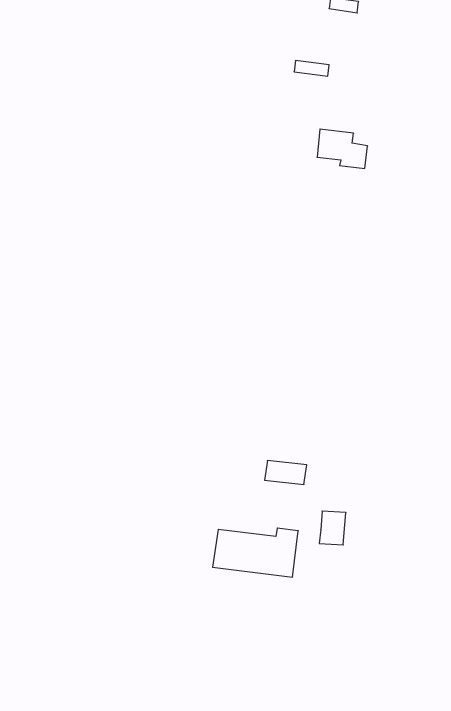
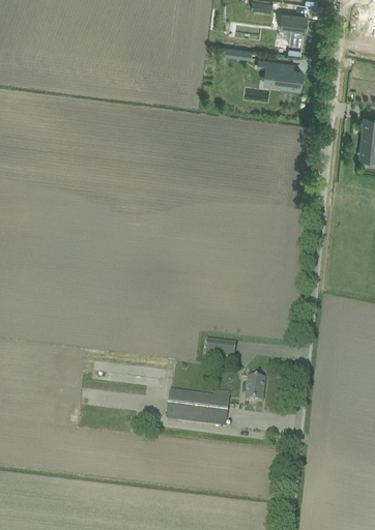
building: none -> [279,11,307,34]
building: [317,129,368,168] -> [265,59,302,88]

